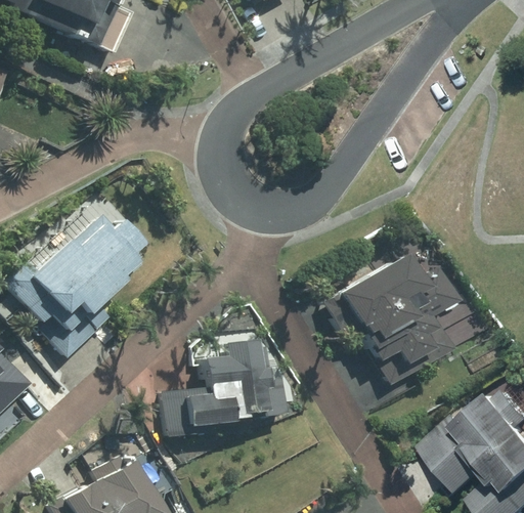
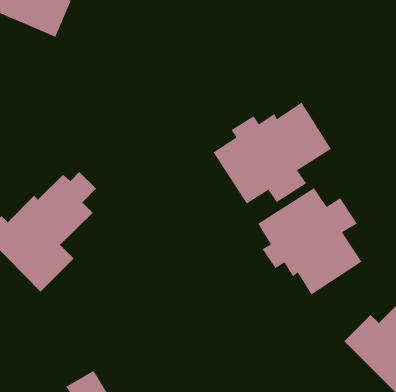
building: none -> [213,102,332,204]
building: [168,342,267,435] -> none

